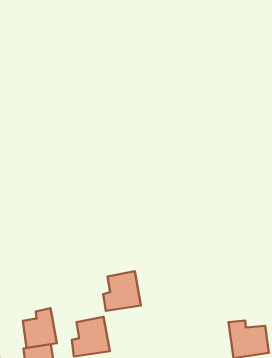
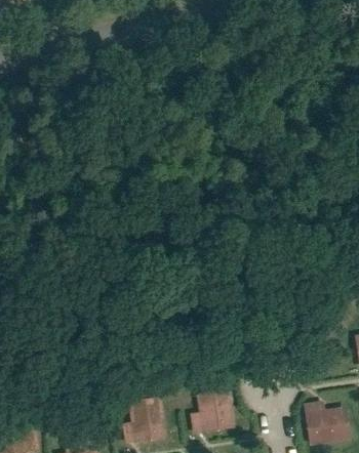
building: [103,271,141,311] -> [191,387,235,434]
building: [23,308,57,348] -> none

